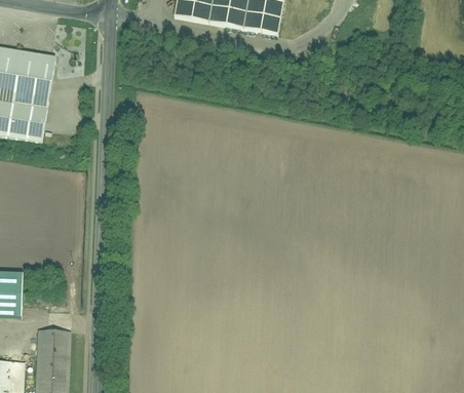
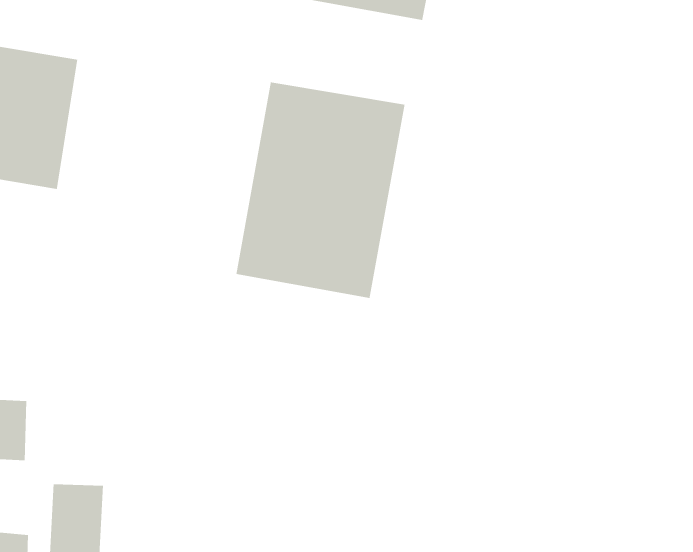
building: none -> [235,82,406,299]

